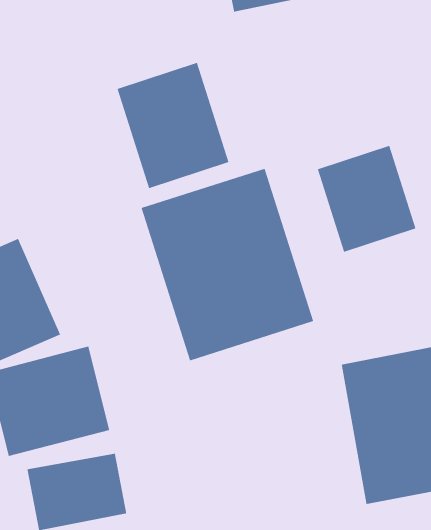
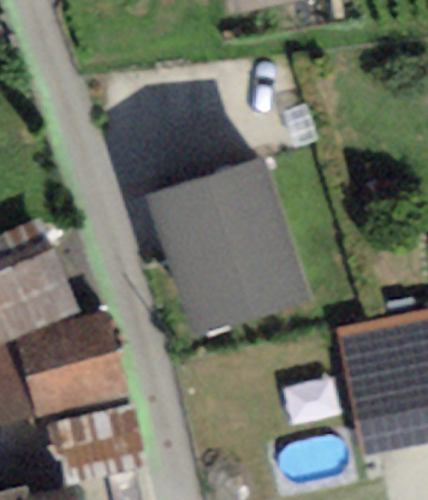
building: [116,62,230,189] -> none
building: [317,145,417,253] -> none

